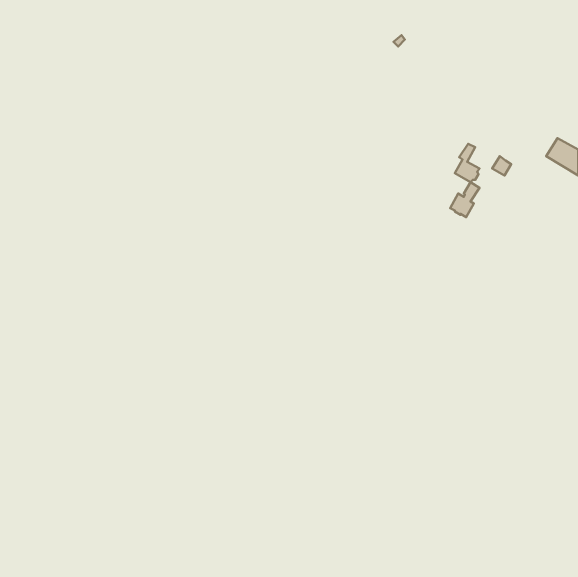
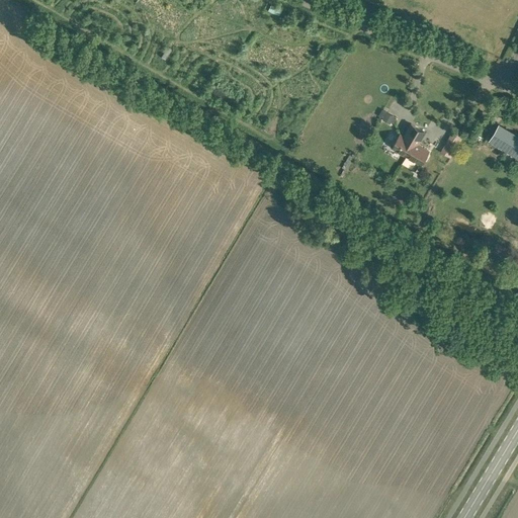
building: [450,182,480,217] -> [393,124,419,156]

